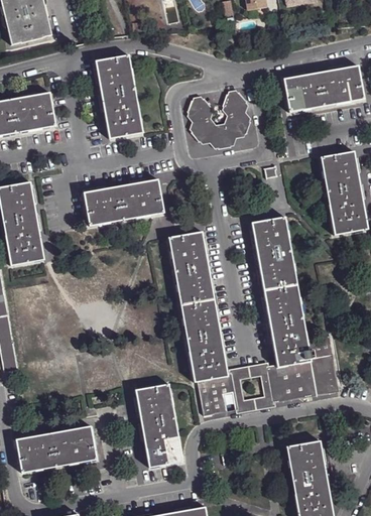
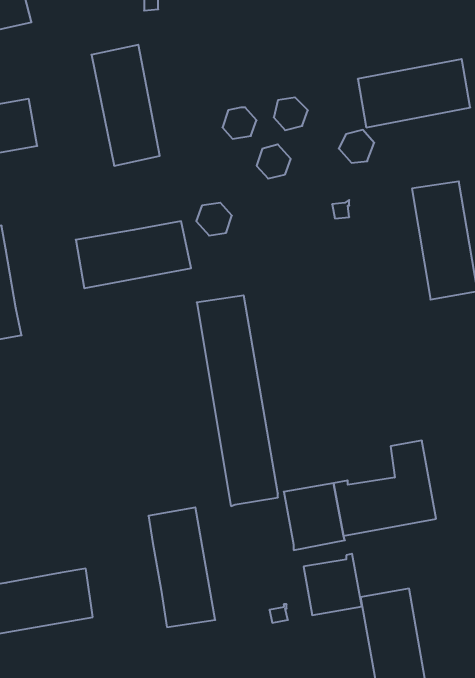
building: [227,112,252,135] -> [339,130,374,163]
building: [191,119,216,142] -> [196,203,232,236]
building: [252,217,310,366] -> none
building: [197,371,238,414] -> [304,554,362,615]

